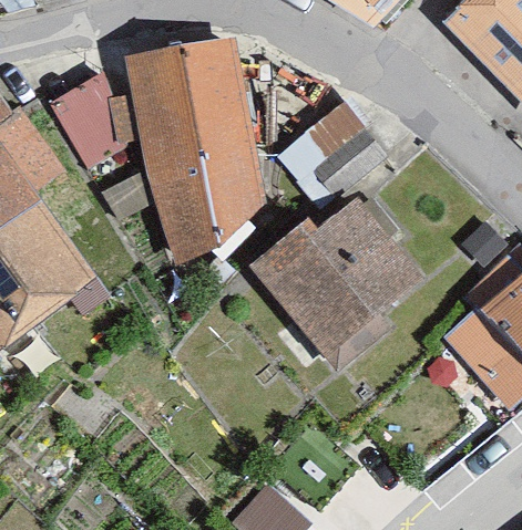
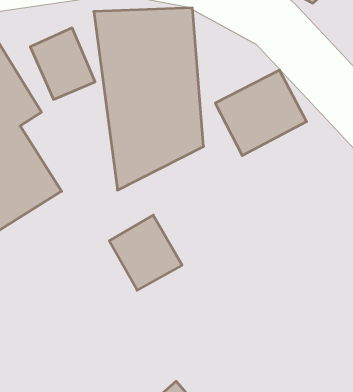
building: [250,183,428,351] -> none
building: none -> [109,215,182,290]

